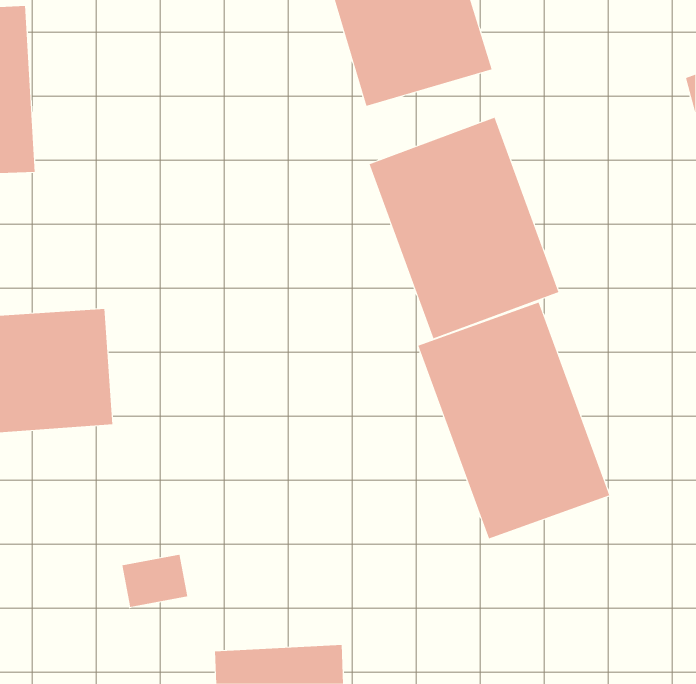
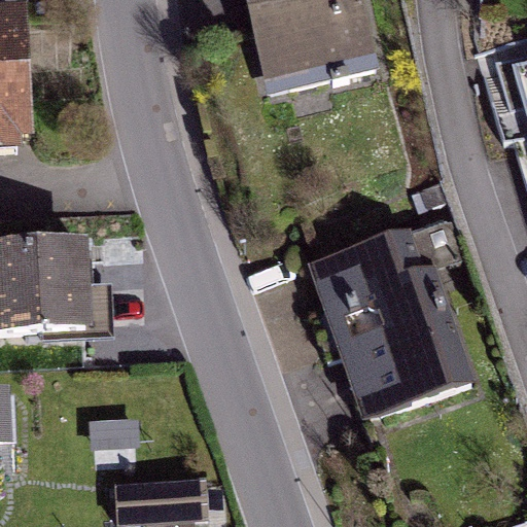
building: [369,117,559,339] -> none

